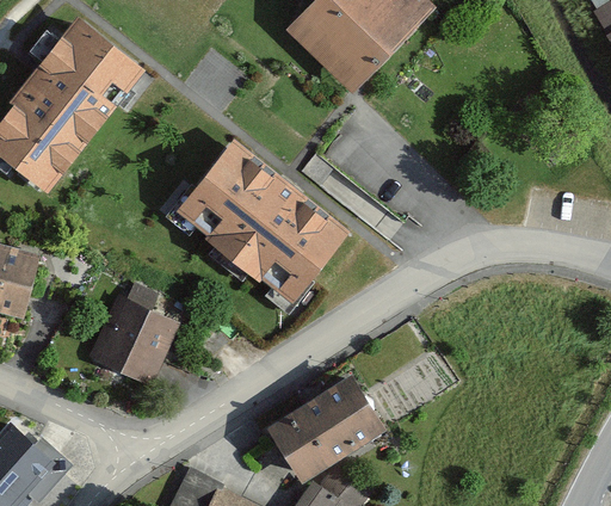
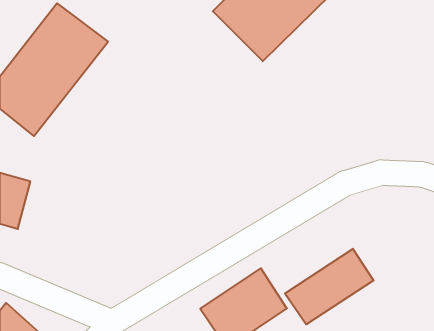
building: [175,143,348,306] -> none
building: [90,292,179,383] -> none
building: none -> [285,249,374,324]

